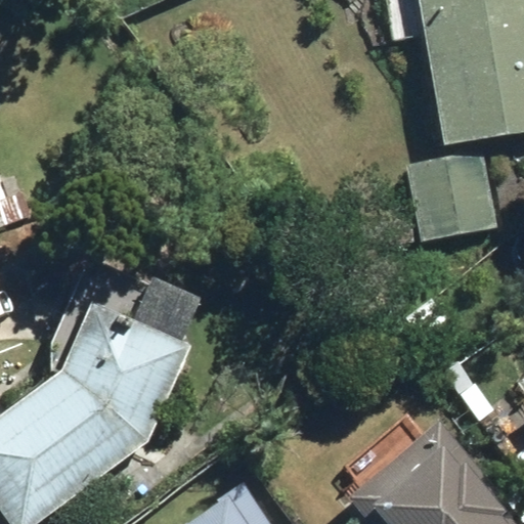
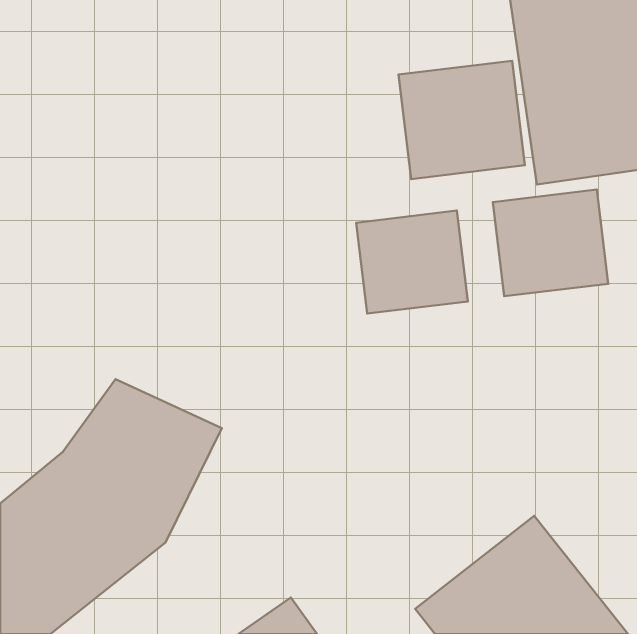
building: none -> [399,61,525,179]
building: none -> [356,211,468,314]

